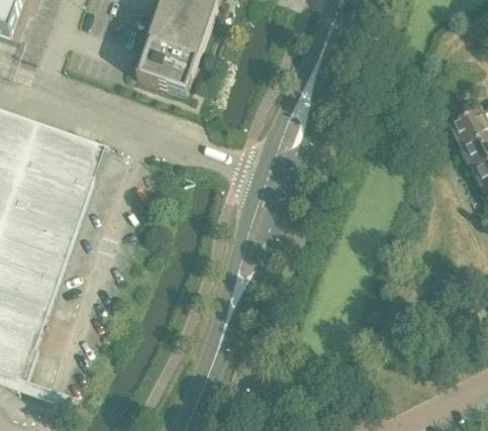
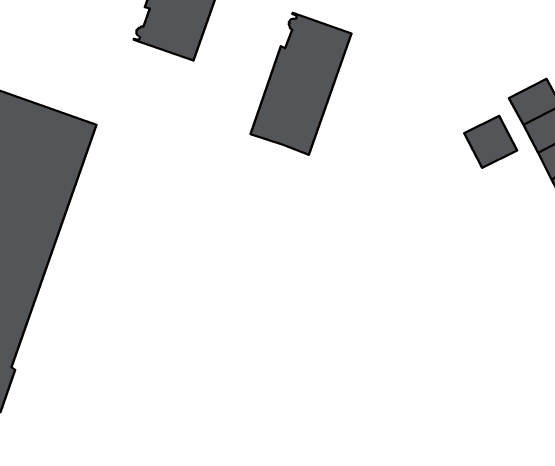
building: none -> [250,13,351,155]
building: none -> [464,116,517,168]

